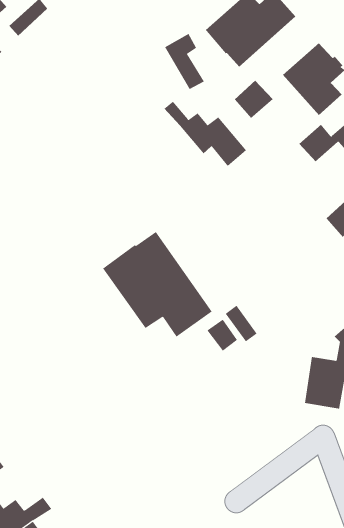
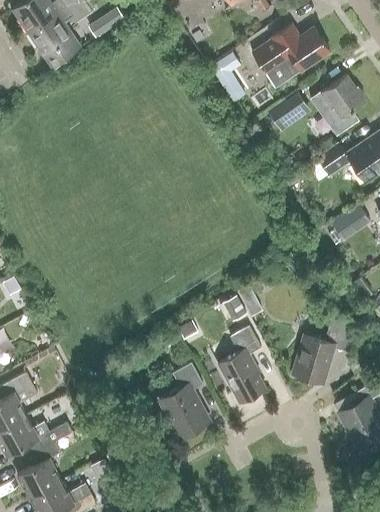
building: [163,101,247,167] -> none
building: [101,231,212,337] -> none
building: none -> [217,325,265,403]
building: none -> [158,363,209,438]

